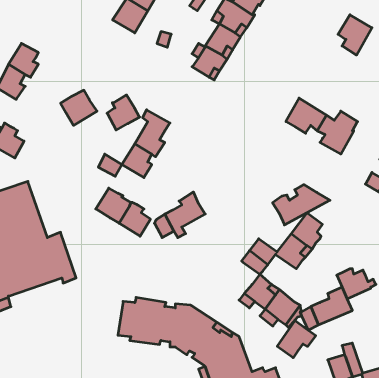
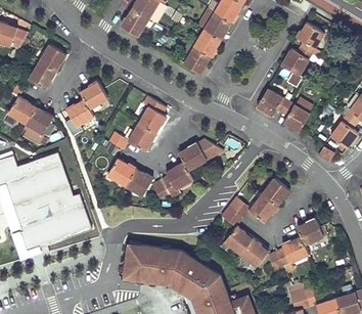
building: none -> [281,47,312,76]
building: [107,95,140,130] -> [69,99,94,127]
building: [273,185,330,225] -> [179,139,224,171]
building: [277,321,316,358] -> none

